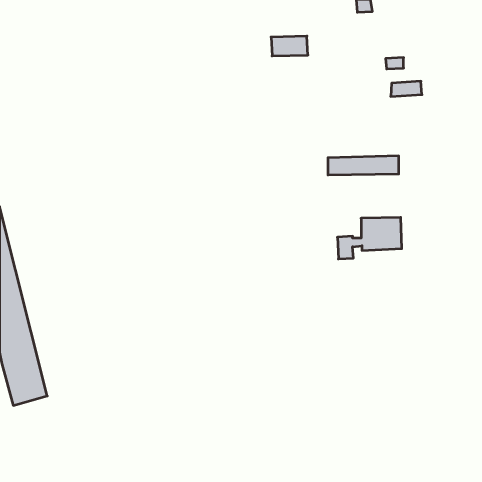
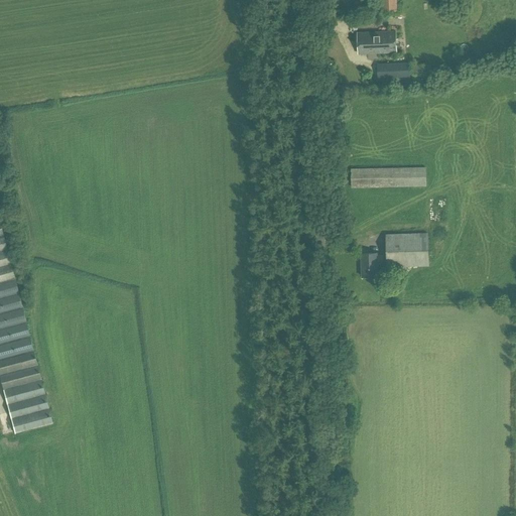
building: [271,36,308,56] -> [356,31,395,52]
building: [391,81,422,96] -> [376,61,409,78]

